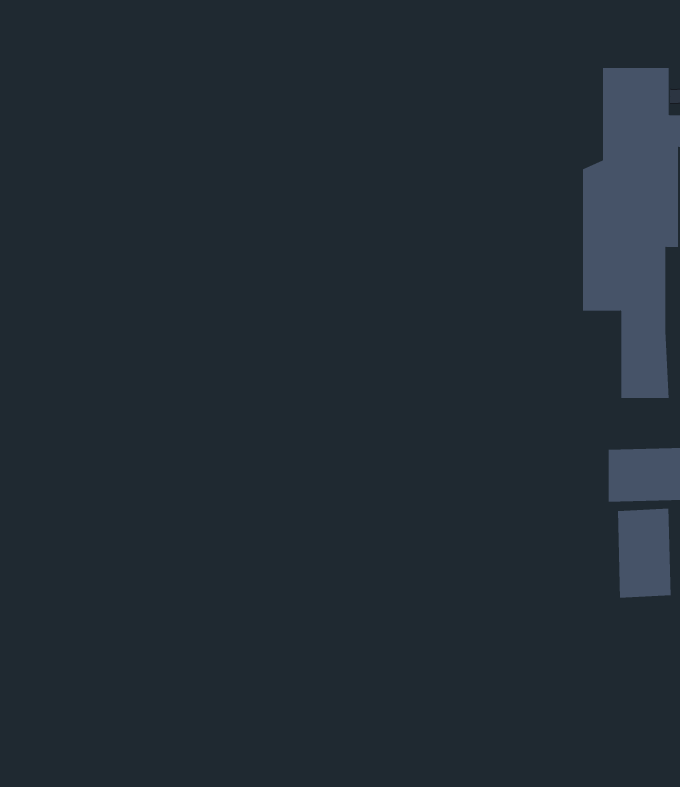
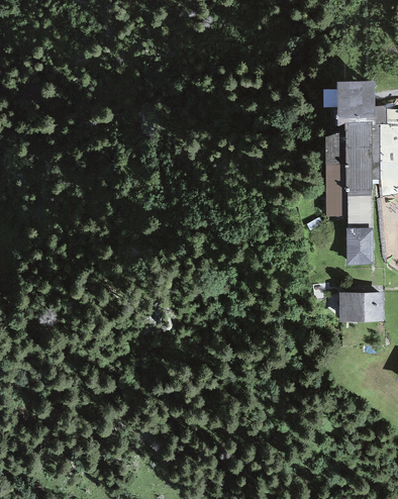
building: [617,508,671,598] -> none

